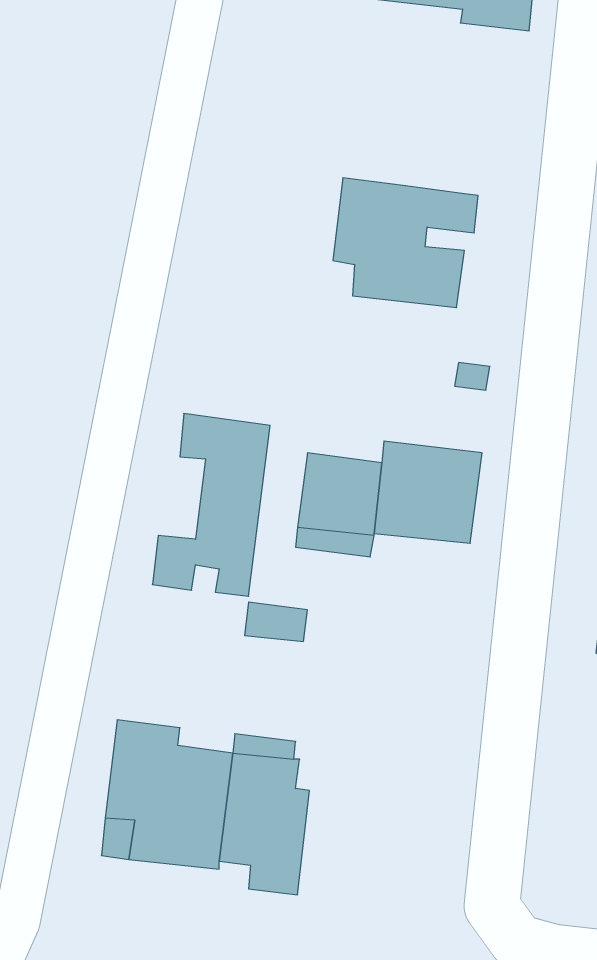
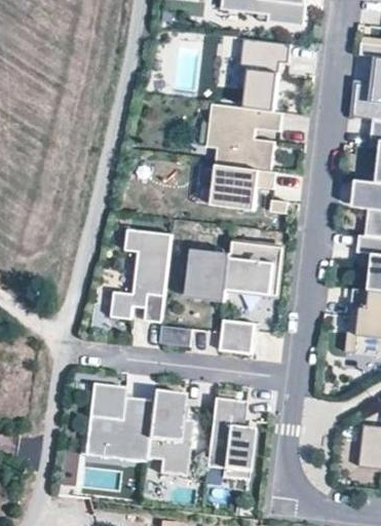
building: none -> [238,37,291,111]
building: none -> [211,164,275,210]
building: none -> [220,318,256,353]
building: none -> [203,401,253,483]

